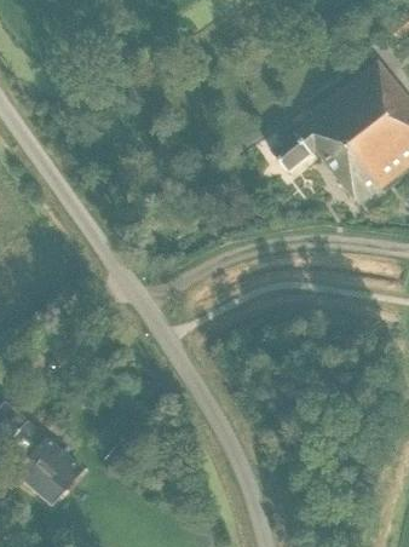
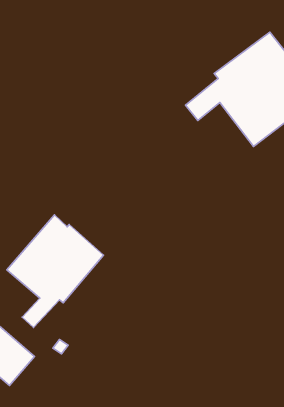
building: none -> [7,215,103,328]

